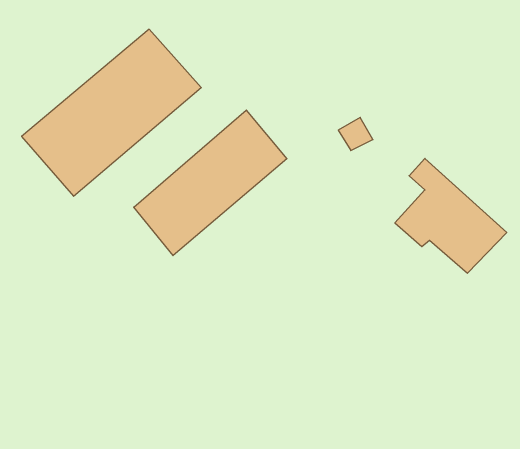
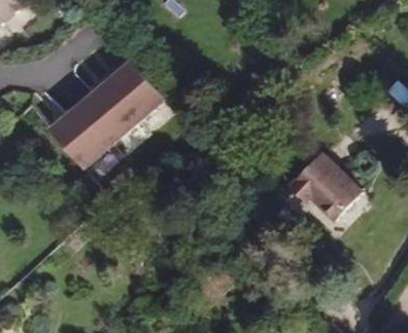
building: [134,110,287,256] -> none

